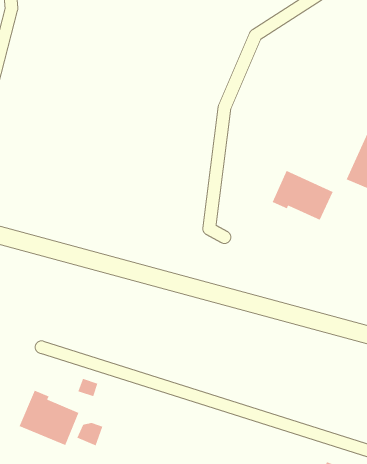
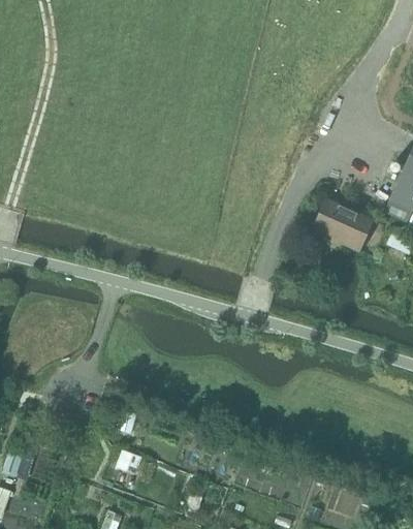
building: [19,390,79,446] -> none

